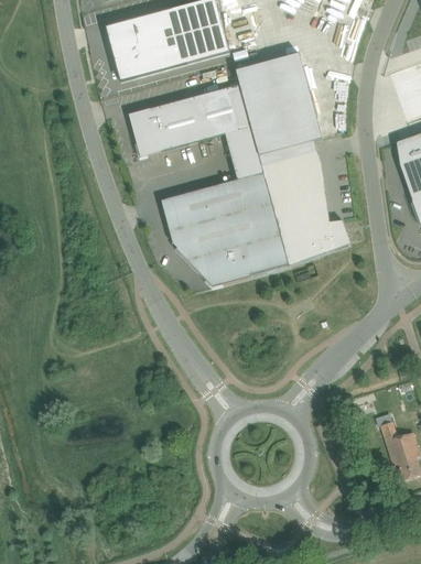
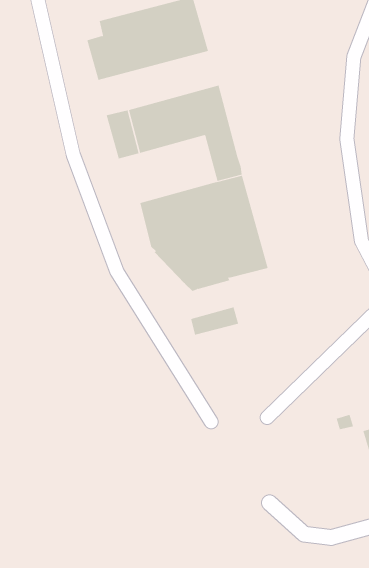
building: [236,52,347,265] -> none
building: none -> [190,307,239,336]

